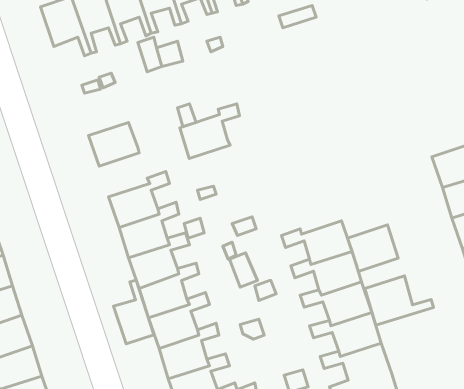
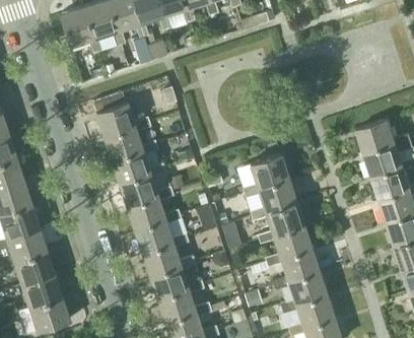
building: [180,104,240,158] -> [104,118,149,159]
building: [348,225,398,271] -> [250,152,288,188]
building: [365,276,433,325] -> none
building: [114,280,154,344] -> none

